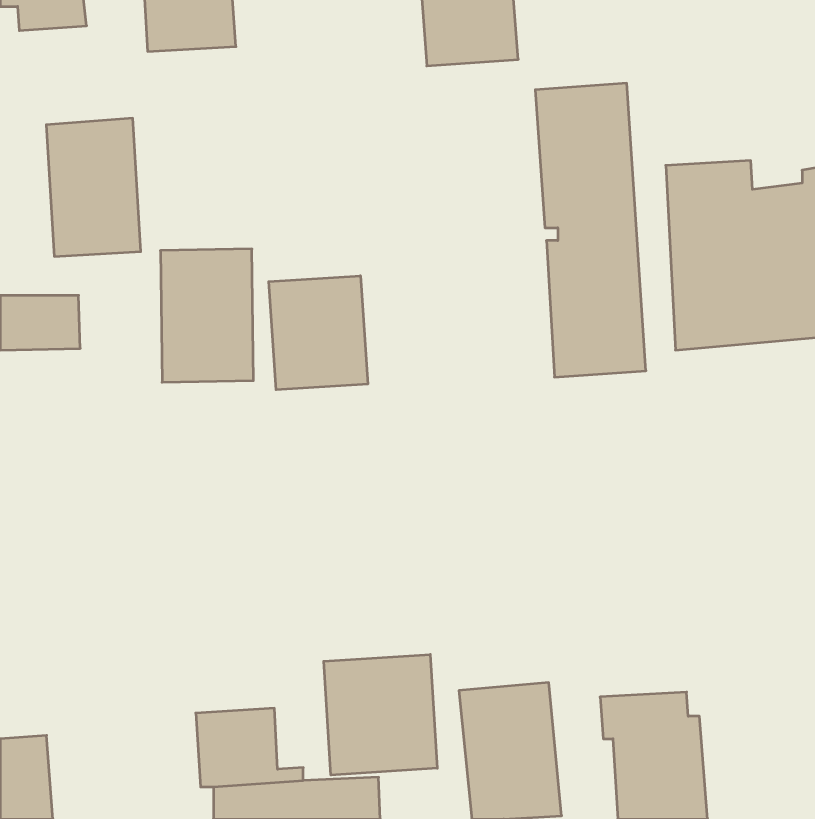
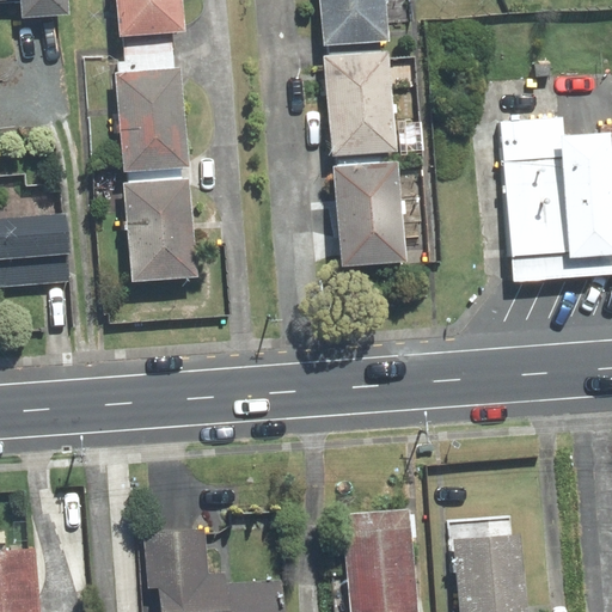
building: [535,83,646,377] -> [322,51,404,270]
building: [46,118,141,256] -> [114,69,184,172]
building: [269,276,368,390] -> none
building: [324,654,437,775] -> none

